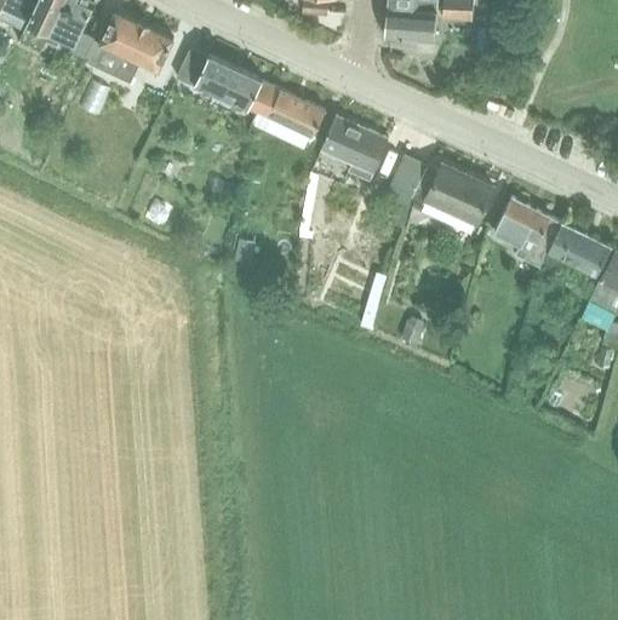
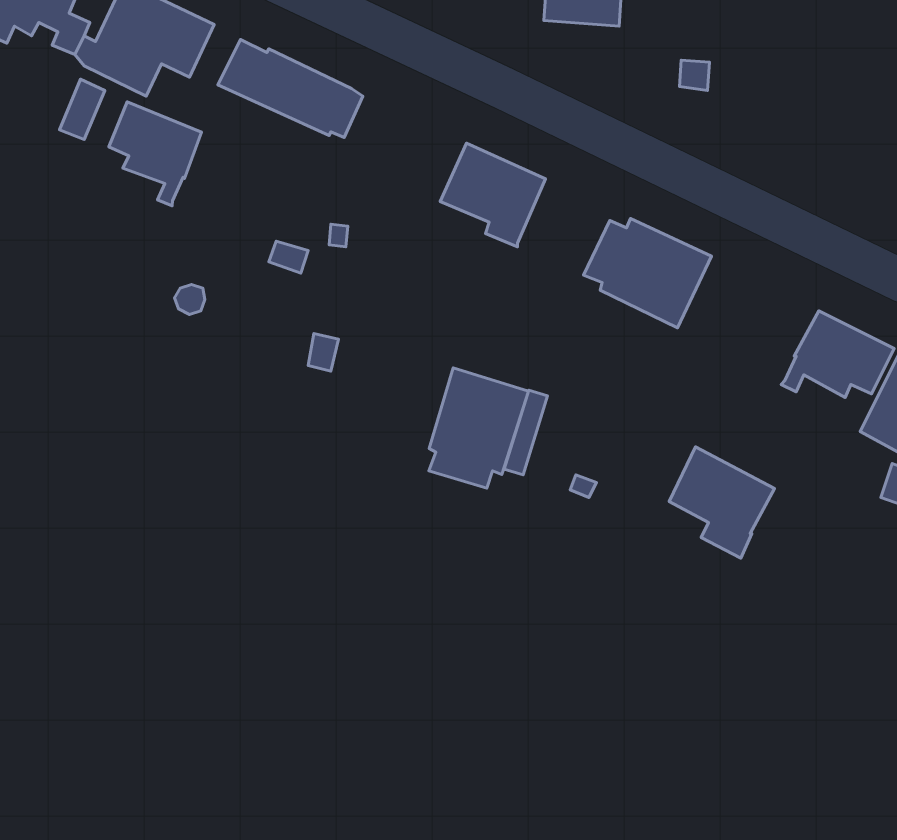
building: [257,85,325,138] -> none
building: none -> [109,102,201,206]
building: [387,155,428,206] -> none
building: [494,196,562,268] -> [669,447,775,558]
building: none -> [429,368,528,488]

